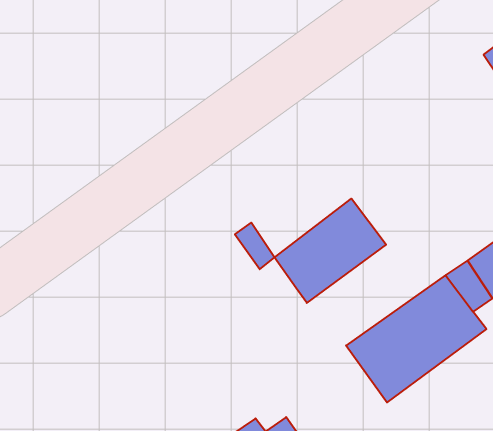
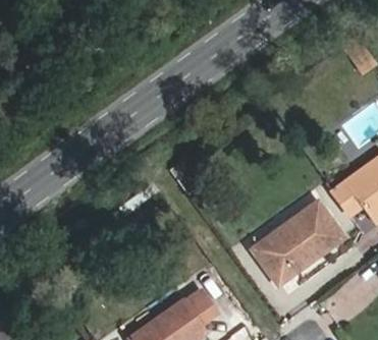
building: [274,199,386,303] -> none

